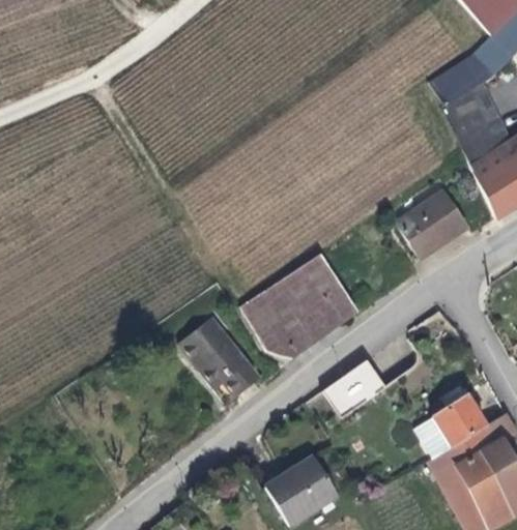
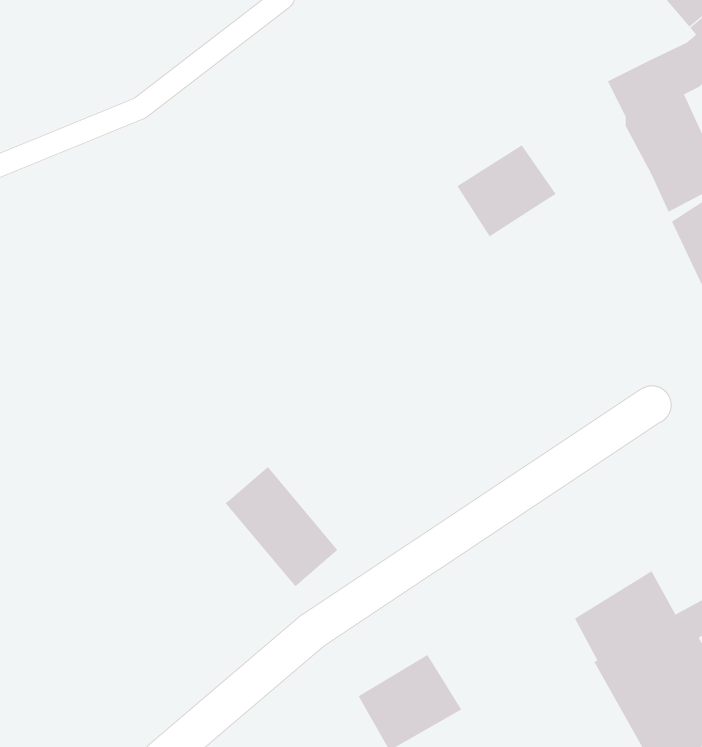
building: [407,184,477,248] -> [456,144,556,237]
building: [251,246,365,344] -> none
building: [323,361,386,422] -> none

